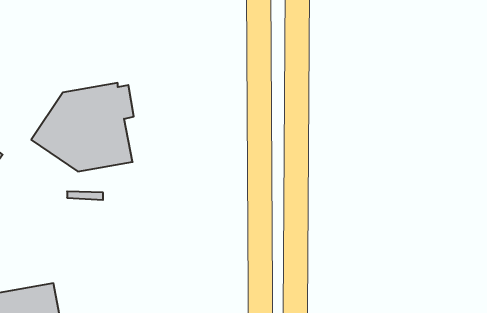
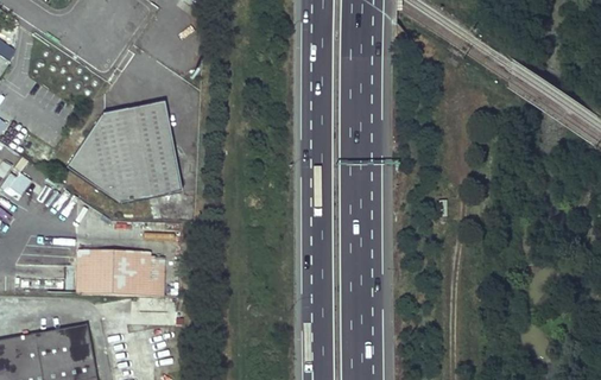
building: none -> [76,247,163,293]

